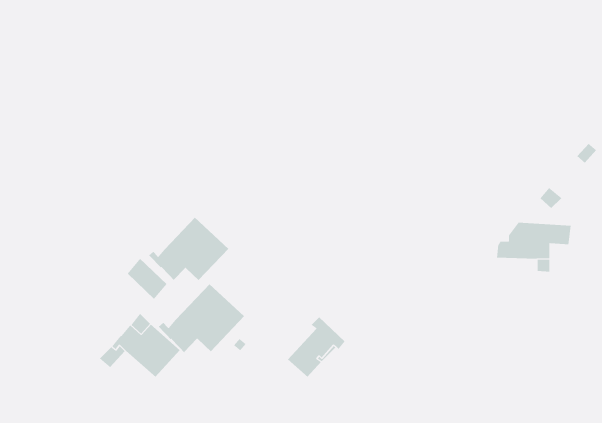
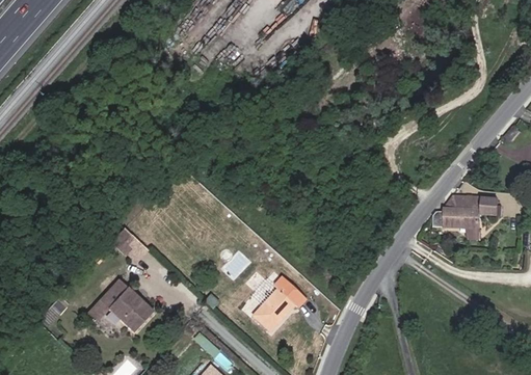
building: [148,217,229,281] -> none
building: [158,284,245,354] -> none

